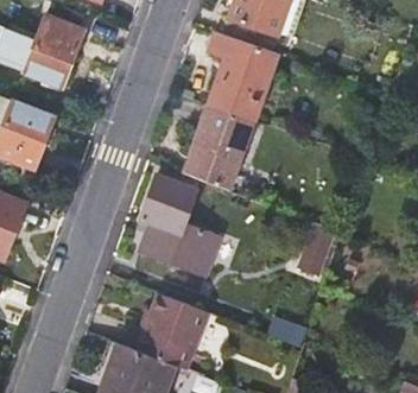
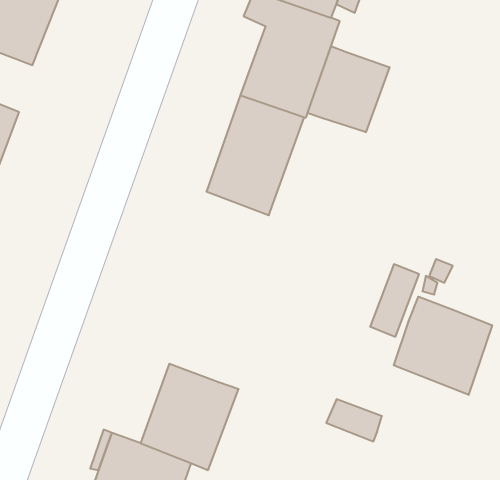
building: none -> [307,46,389,132]
building: [139,175,217,273] -> none
building: none -> [394,297,492,395]

